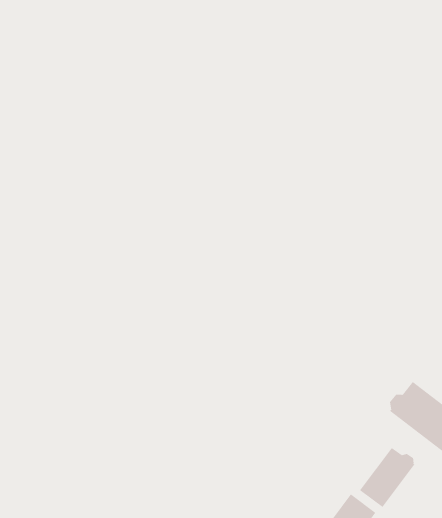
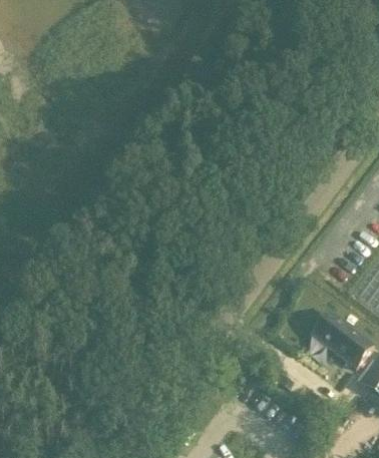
building: [359,447,415,508] -> none

